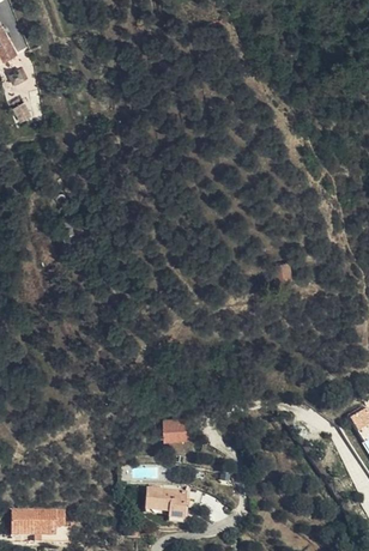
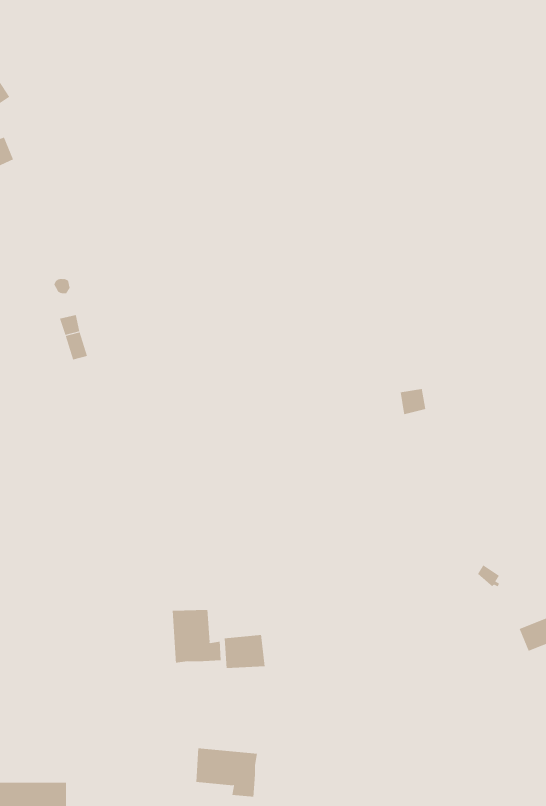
building: none -> [172,609,221,663]

